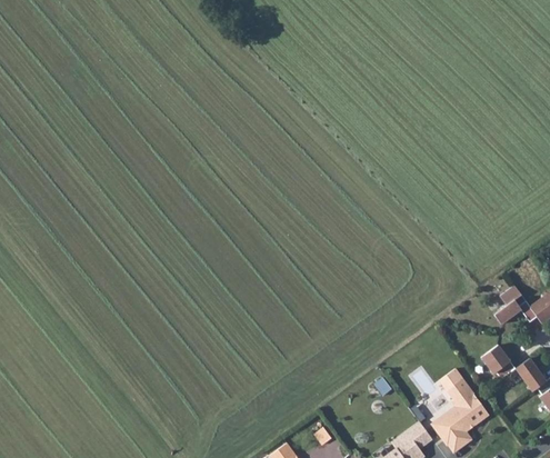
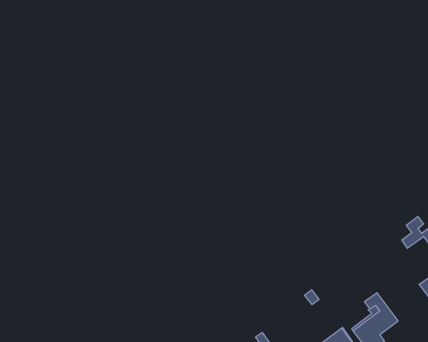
building: [480,347,514,380] -> none

